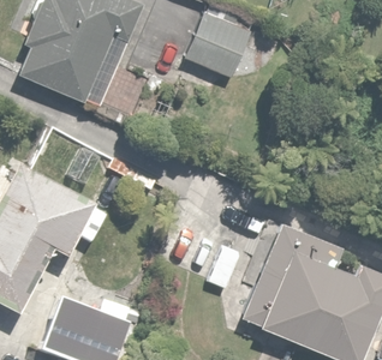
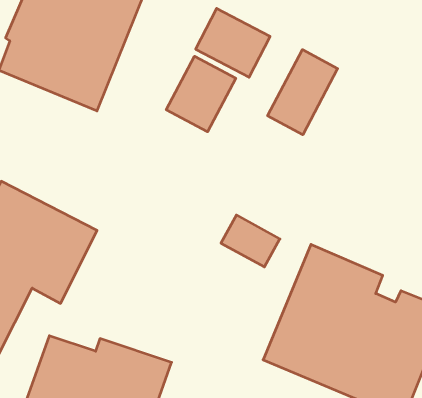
building: none -> [268,50,338,135]
building: none -> [166,56,236,132]

